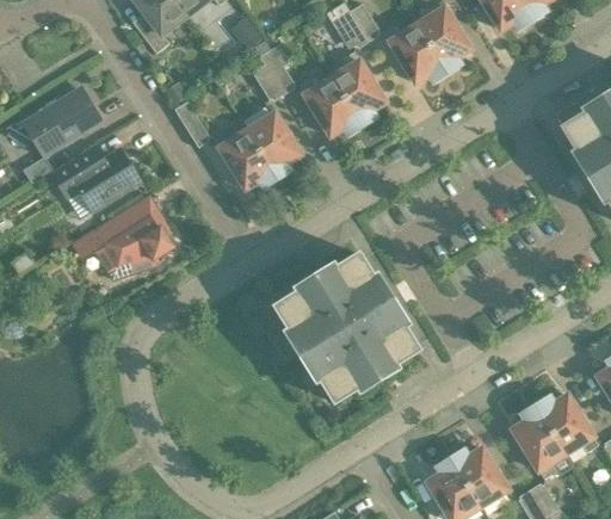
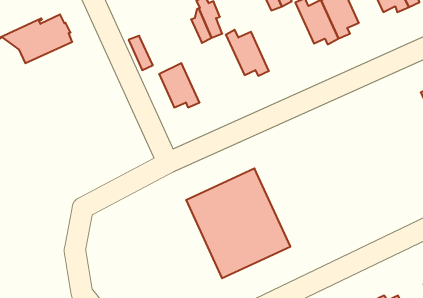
building: [332,51,384,125] -> none
building: [247,113,300,178] -> none
building: [51,146,140,211] -> none
building: [85,209,174,279] -> none

